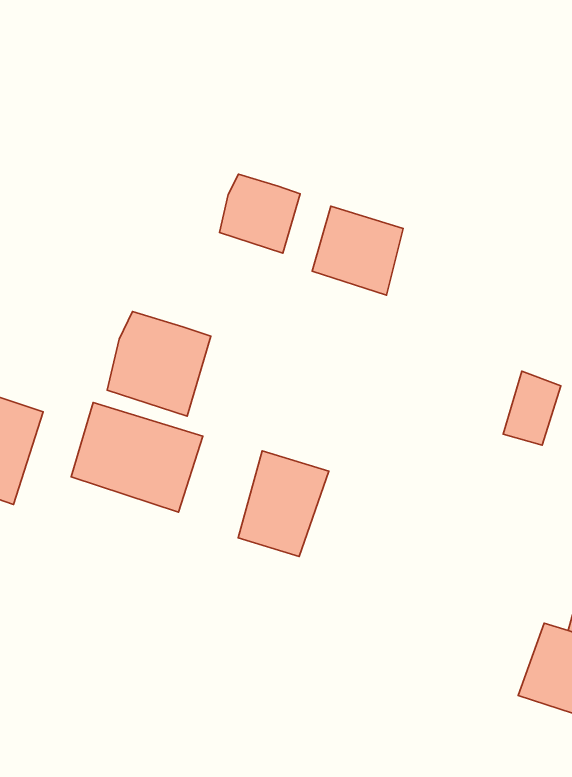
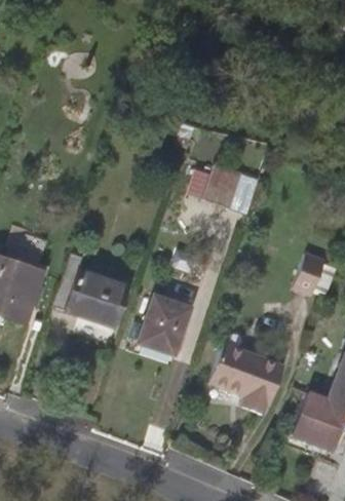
building: [219,174,300,253] -> none
building: [107,311,211,416] -> none
building: none -> [215,344,290,415]

